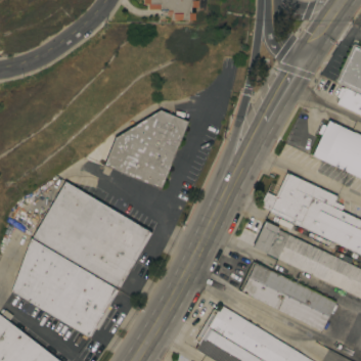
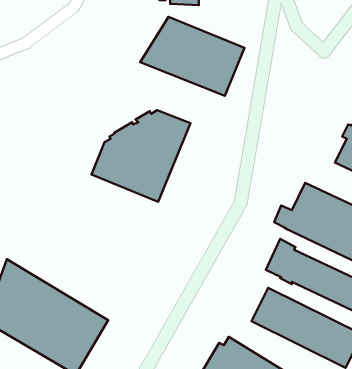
building: none -> [140,17,244,96]
building: [33,182,173,288] -> none

